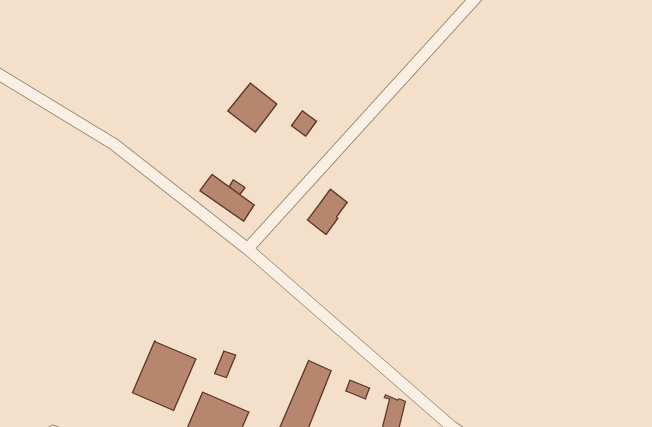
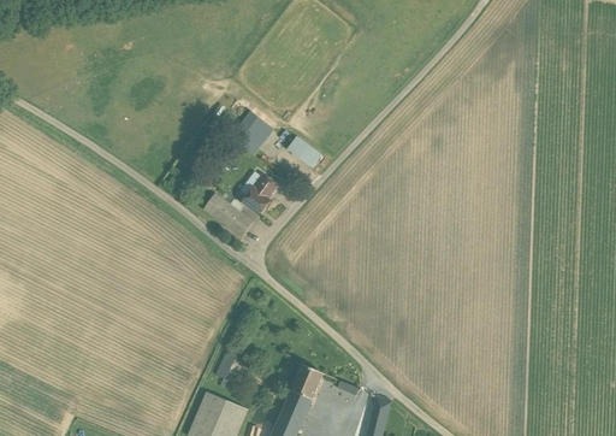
building: [307,189,347,234] -> [242,173,278,214]
building: [132,341,196,411] -> none

